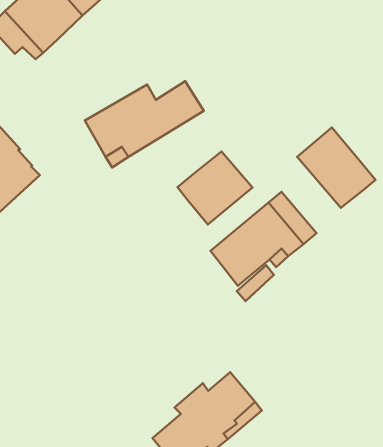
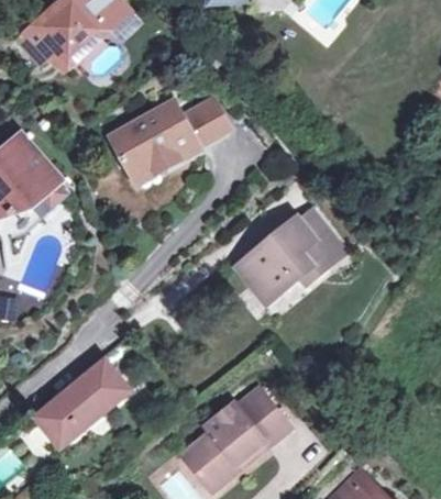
building: [297,128,376,208] -> none
building: [177,151,252,224] -> none
building: none -> [36,361,129,445]

